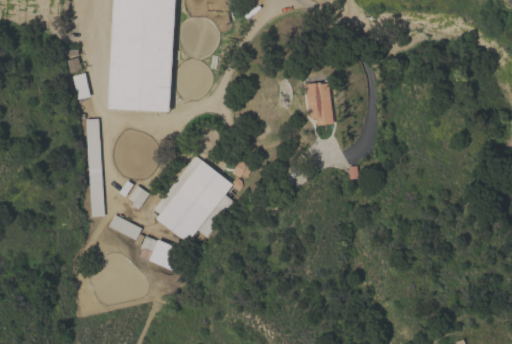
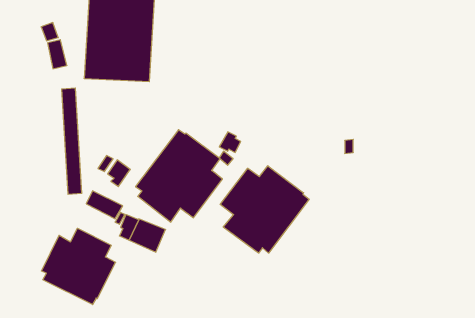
building: [307,83,334,126] -> none
building: none -> [220,166,309,253]
building: none -> [42,228,116,305]

